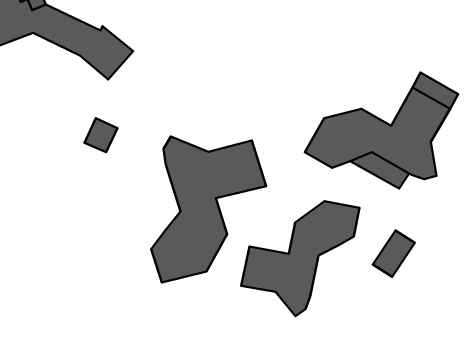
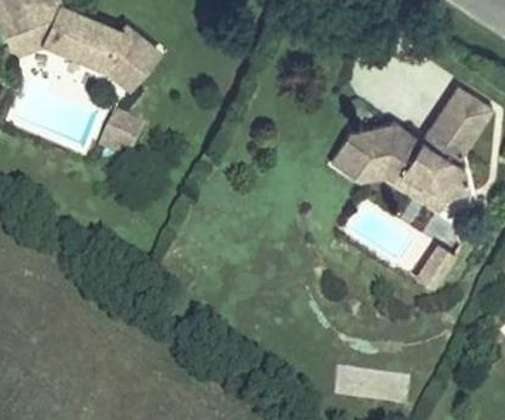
building: [151,136,266,282] -> none
building: [241,201,360,316] -> none

